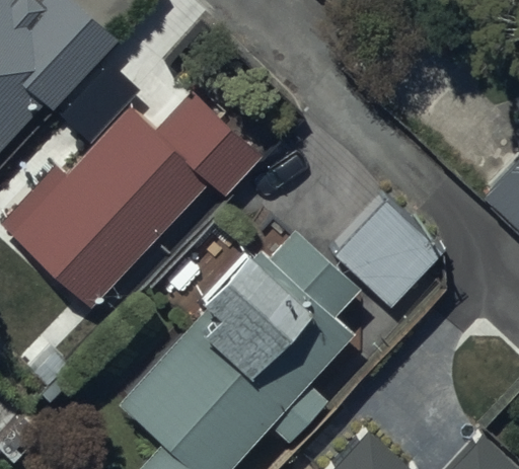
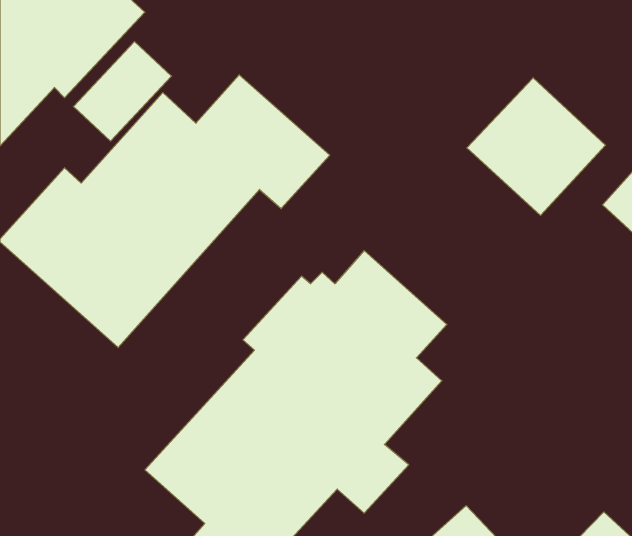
building: [332,198,443,307] -> [467,78,606,215]

